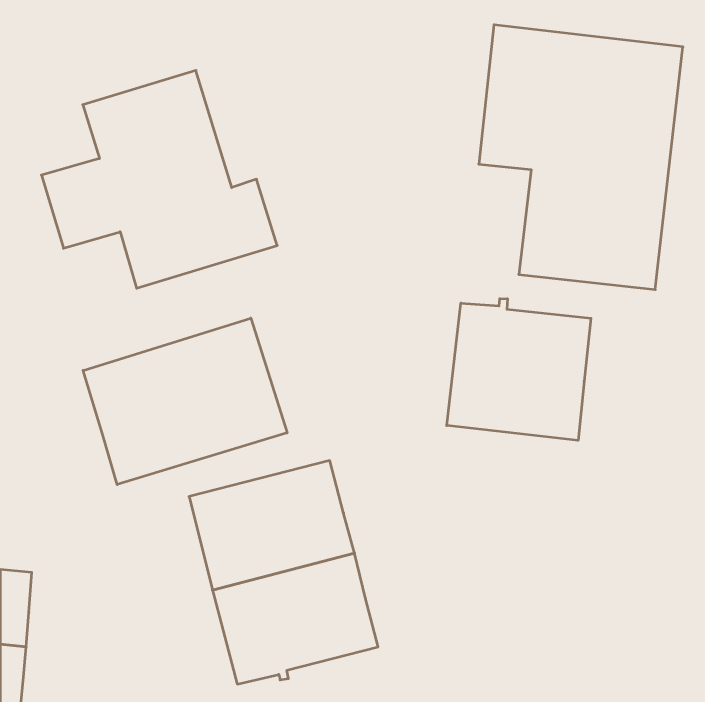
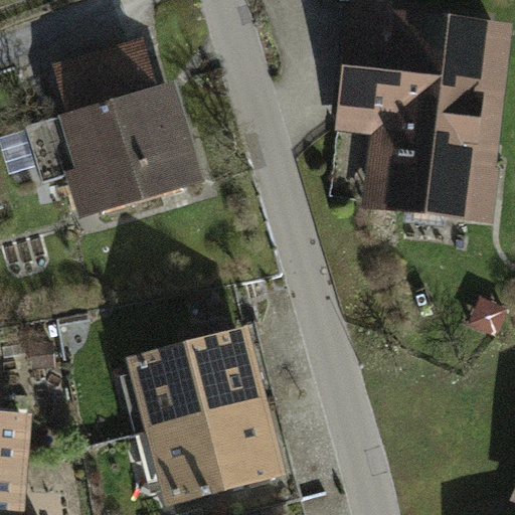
building: [447,299,591,440] -> none
building: [83,318,287,485] -> none

